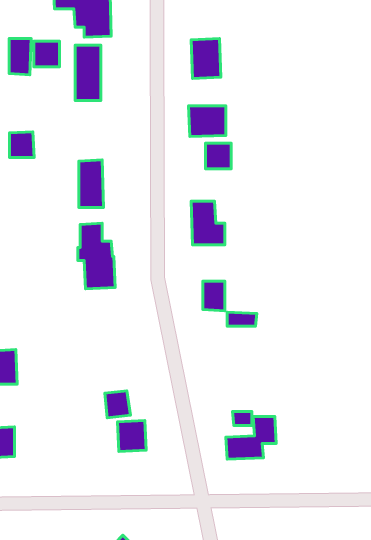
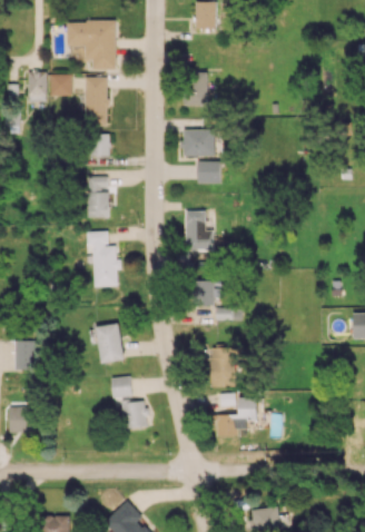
building: [10,132,34,158] -> [89,134,110,156]
building: none -> [96,323,124,363]
building: none -> [210,347,235,386]

